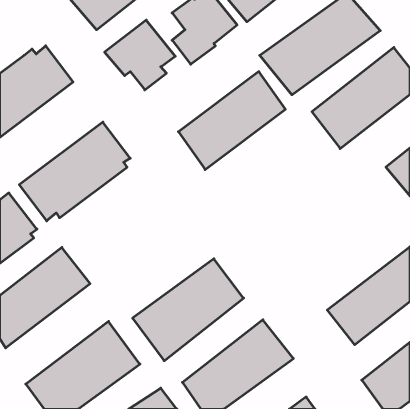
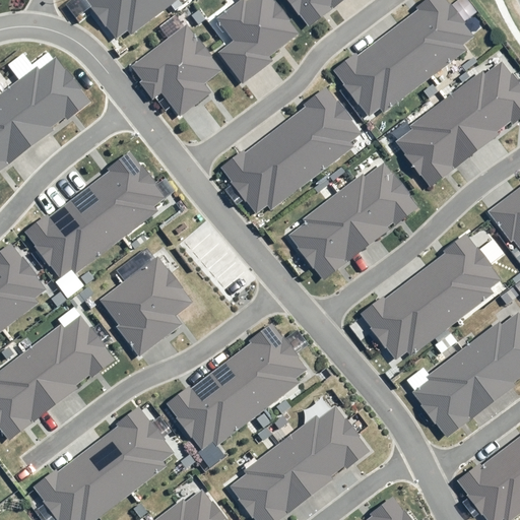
building: none -> [282,160,412,275]
building: none -> [360,236,504,361]
building: none -> [95,257,193,355]

